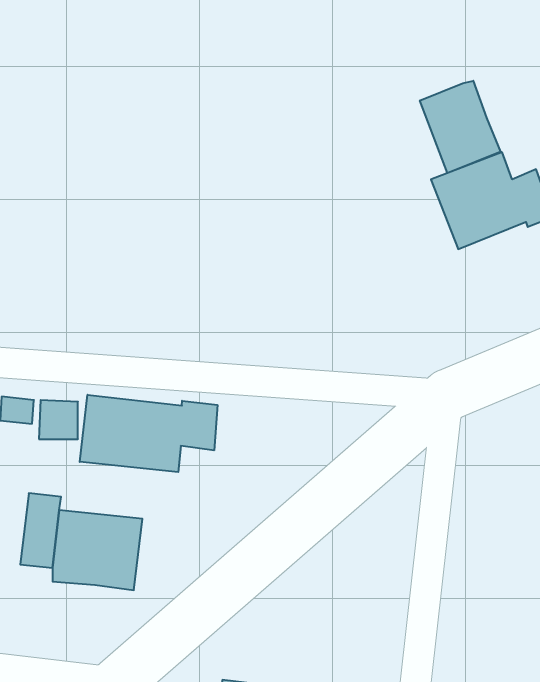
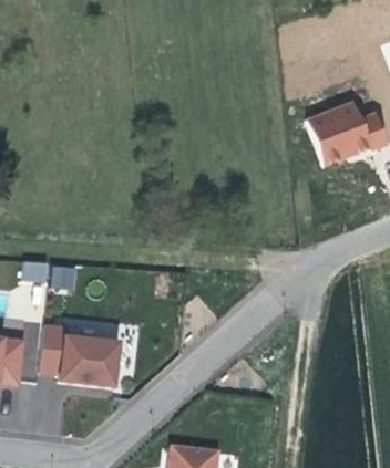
building: [420,81,500,173] -> none
building: [80,395,217,472] -> none

